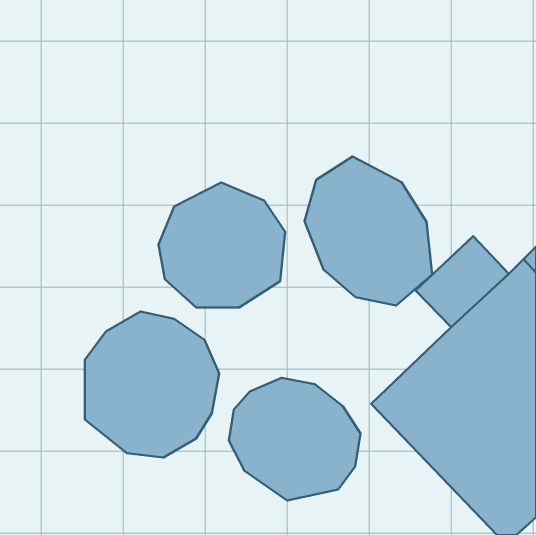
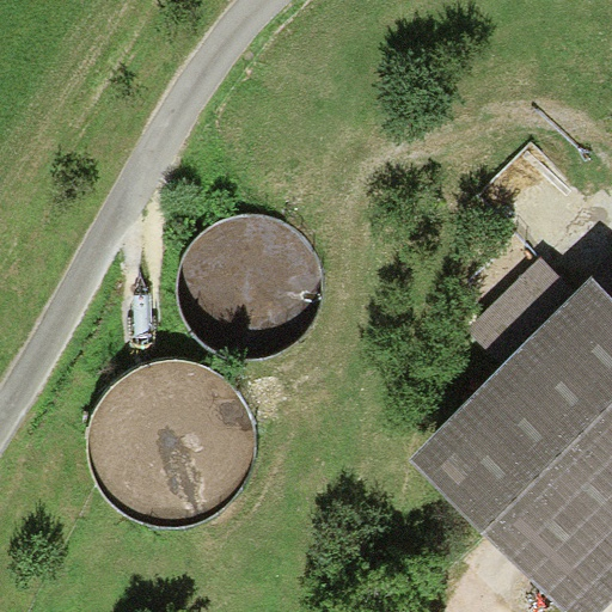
building: [305,156,432,305] -> none
building: [229,378,360,500] -> none

